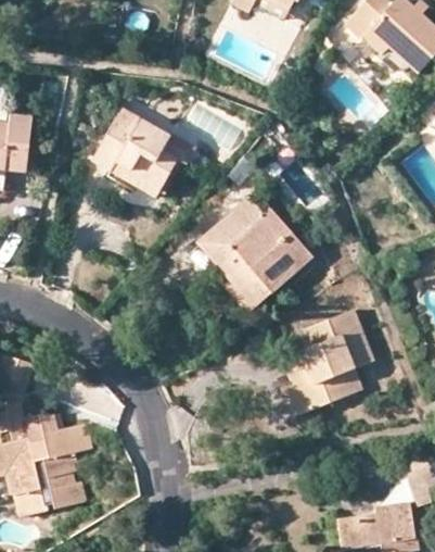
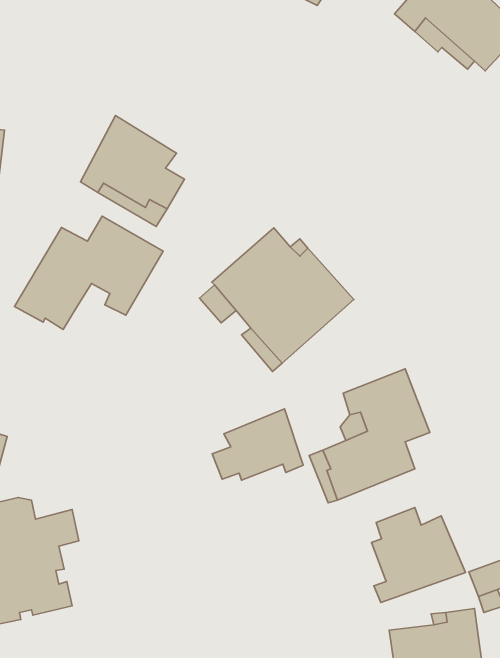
building: none -> [14,216,163,329]
building: none -> [212,409,303,480]
building: none -> [371,508,465,602]

